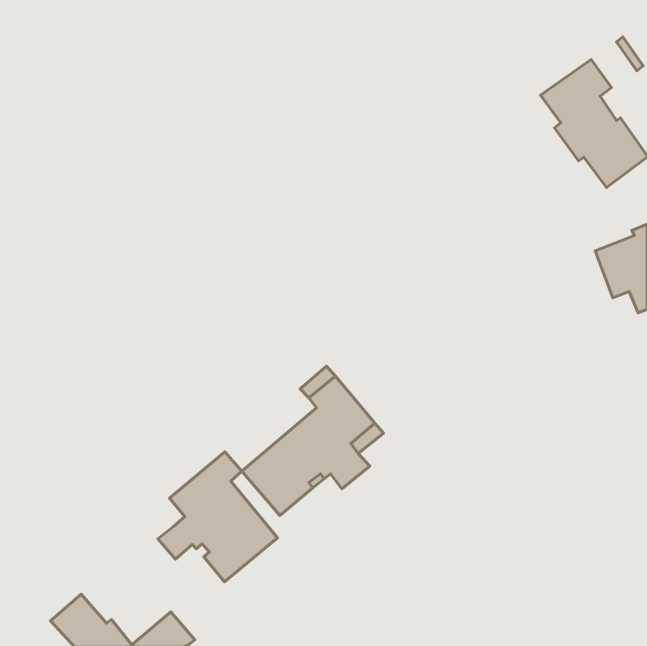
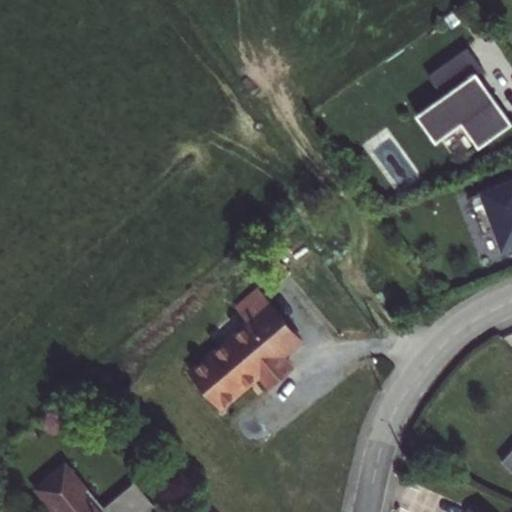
building: none -> [416,102,457,144]
building: [158,452,277,582] -> none

